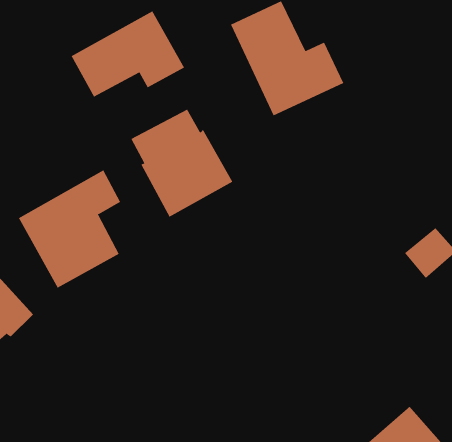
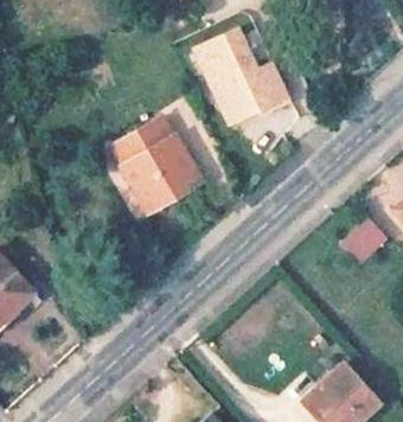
building: [71,10,185,98] -> none
building: [18,170,121,288] -> none

